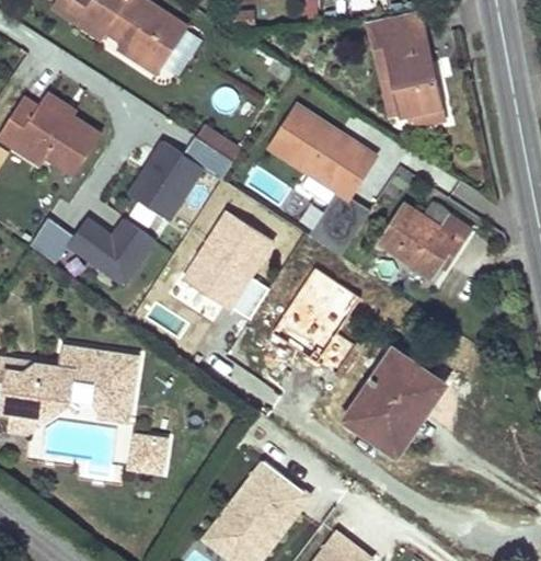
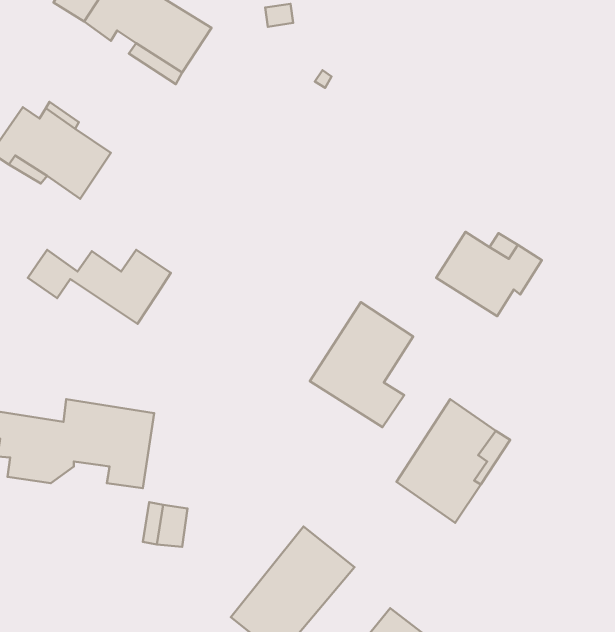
building: [366,12,444,126] -> none
building: [270,107,376,257] -> none
building: [126,136,233,220] -> none
building: [181,208,275,319] -> none

